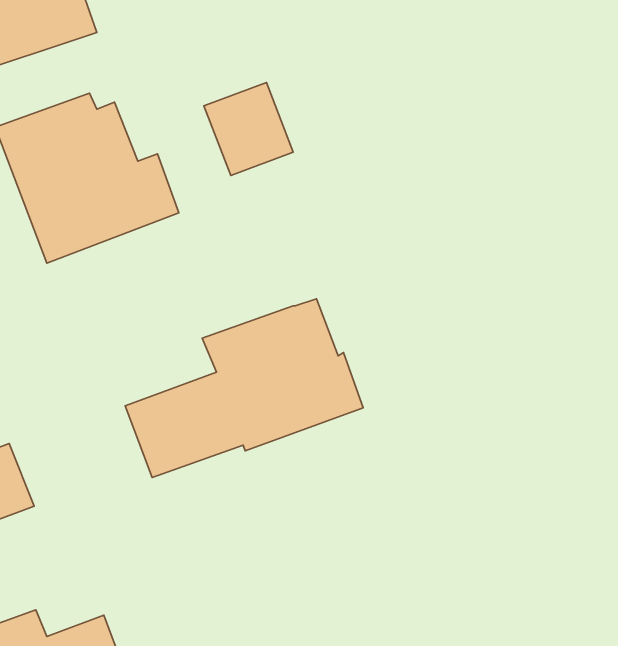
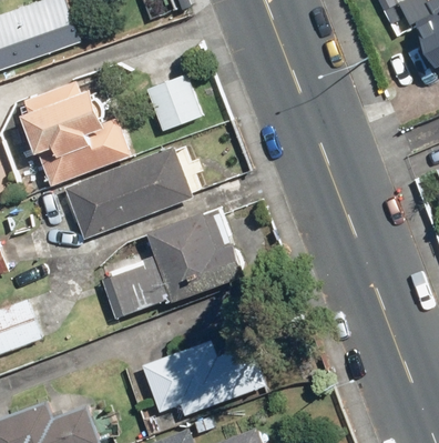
building: none -> [63,147,193,240]
building: none -> [142,342,269,416]

